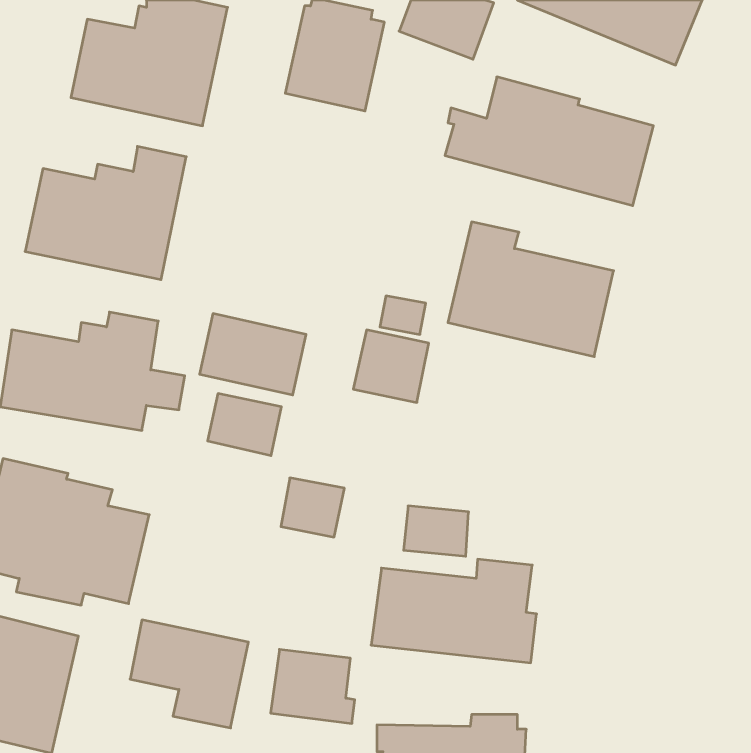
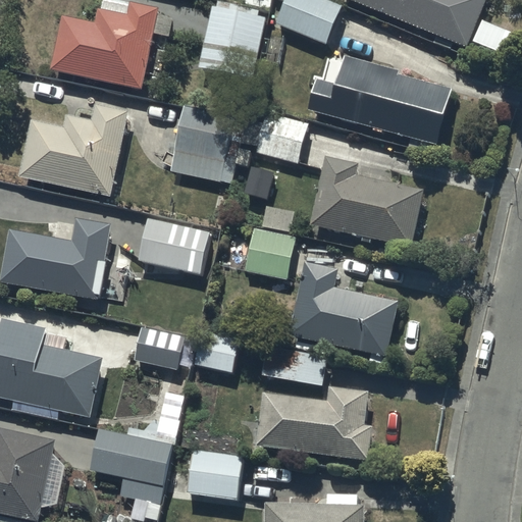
building: none -> [169,106,306,184]
building: none -> [291,262,398,356]
building: [208,394,281,456] -> [133,327,184,370]

